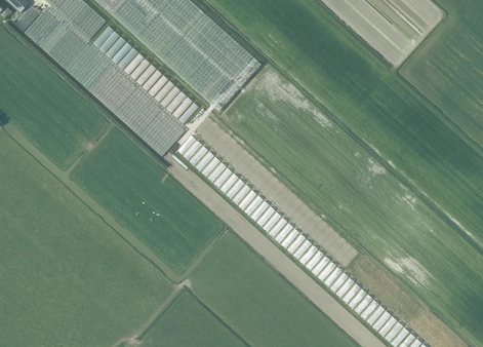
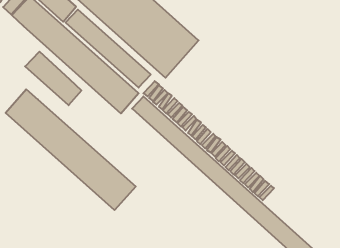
building: none -> [25,52,81,105]
building: none -> [6,89,136,210]

